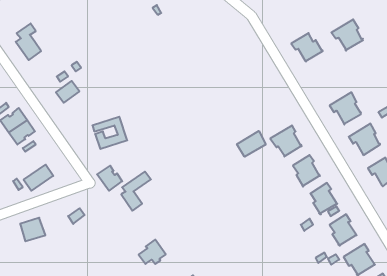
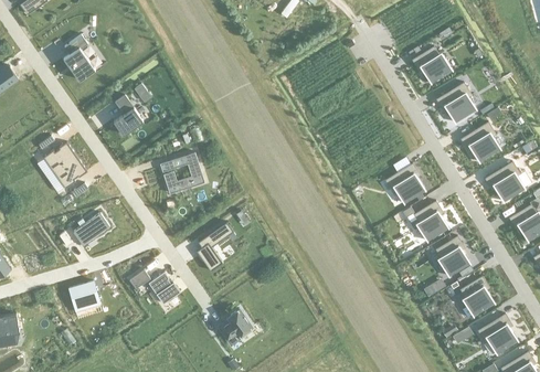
building: [331,19,363,51] -> [435,84,475,124]
building: [237,131,266,157] -> none
building: [97,166,122,191] -> [147,273,179,305]

